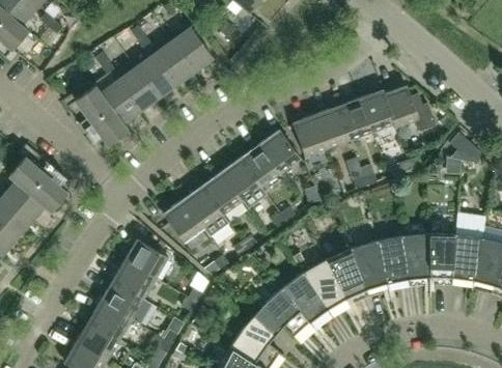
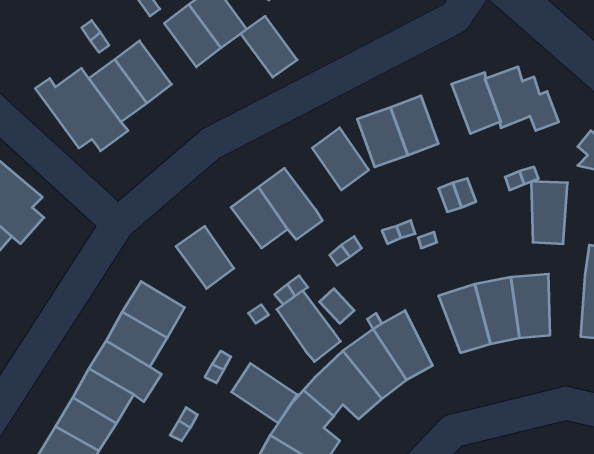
building: [136,54,176,97] -> [241,16,297,77]
building: [337,97,372,140] -> none
building: [240,143,280,187] -> none
building: [183,186,228,236] -> [277,291,341,362]
building: [428,233,454,278] -> [531,181,568,244]
building: [326,249,365,299] -> none
building: none -> [231,363,297,423]

